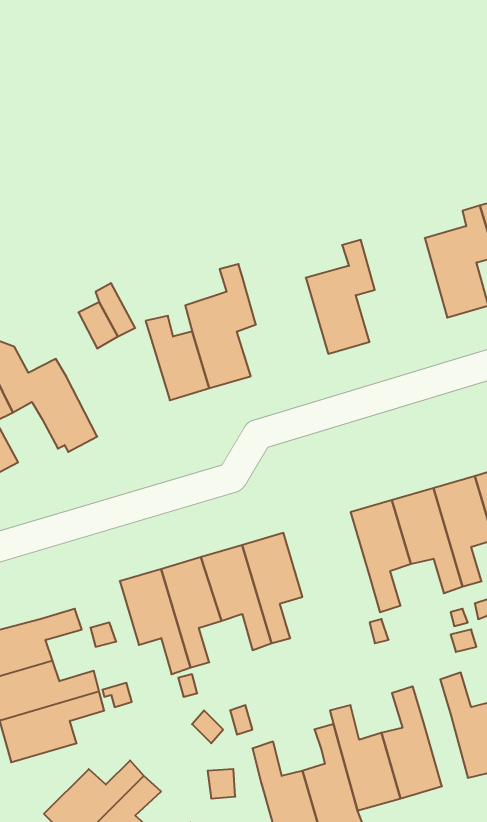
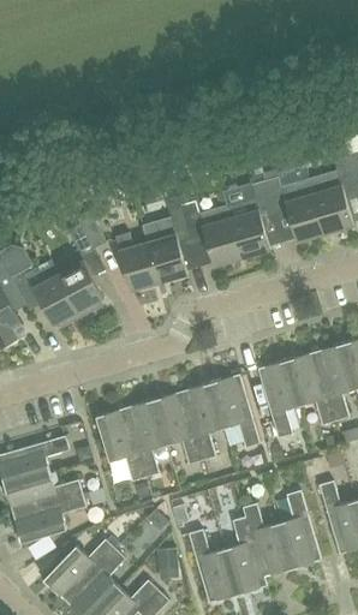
building: none -> [264,175,324,241]
building: none -> [181,199,241,267]
building: none -> [59,261,103,316]
building: none -> [210,375,259,448]

